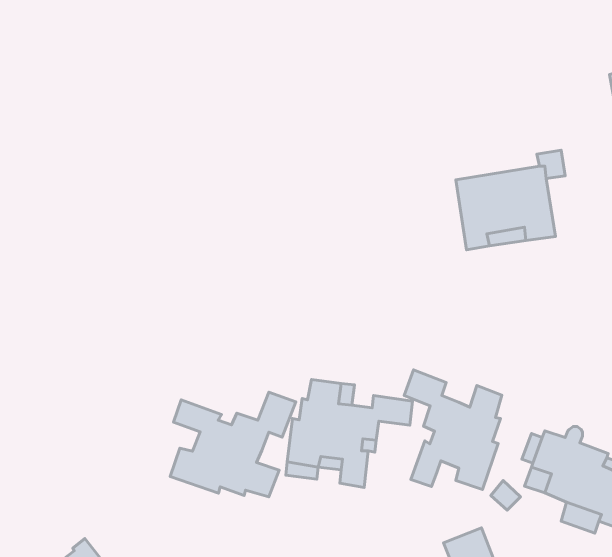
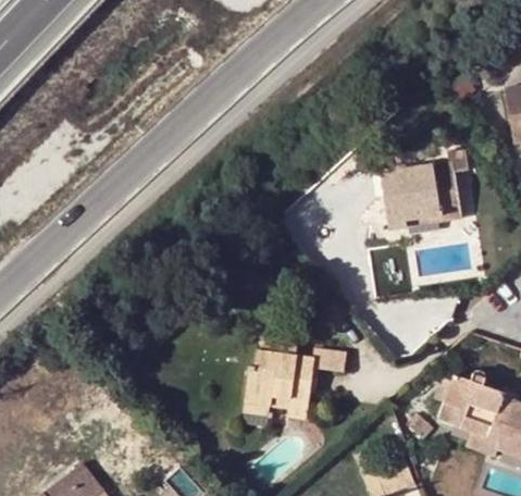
building: [404,370,502,489] -> none
building: [170,392,296,497] -> none

